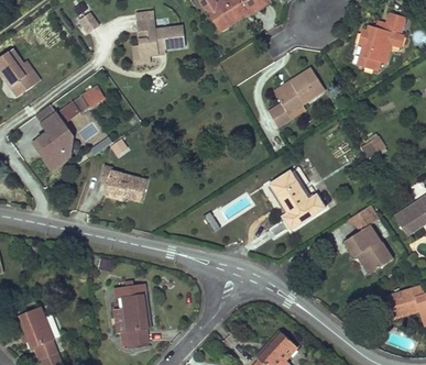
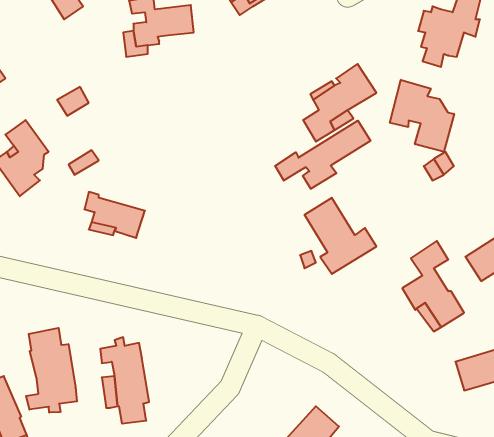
building: none -> [390,80,454,152]
building: none -> [275,121,370,189]
building: none -> [26,328,77,413]

